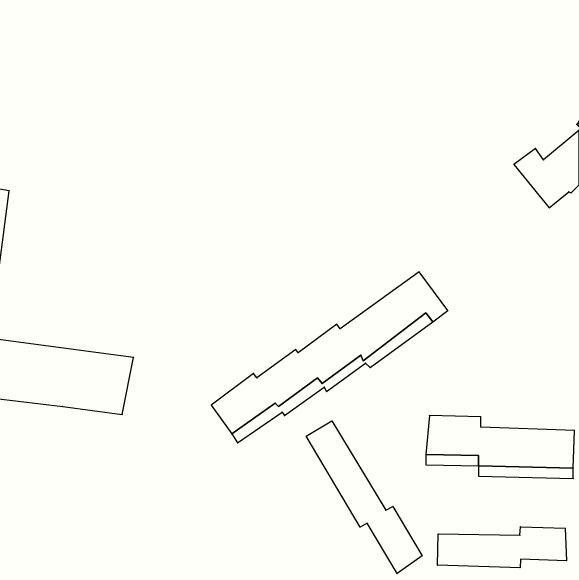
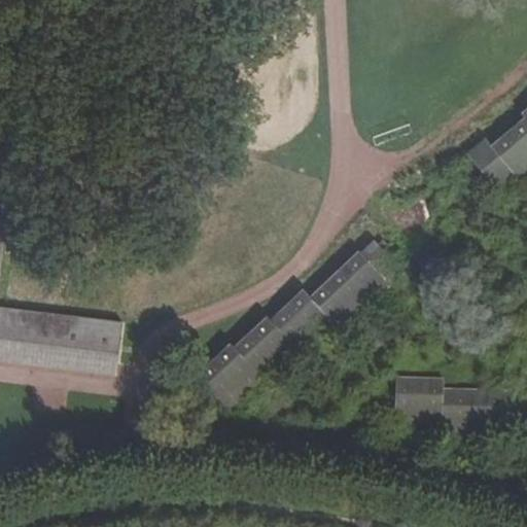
building: [306,421,422,574] -> none
building: [438,527,566,568] -> none

